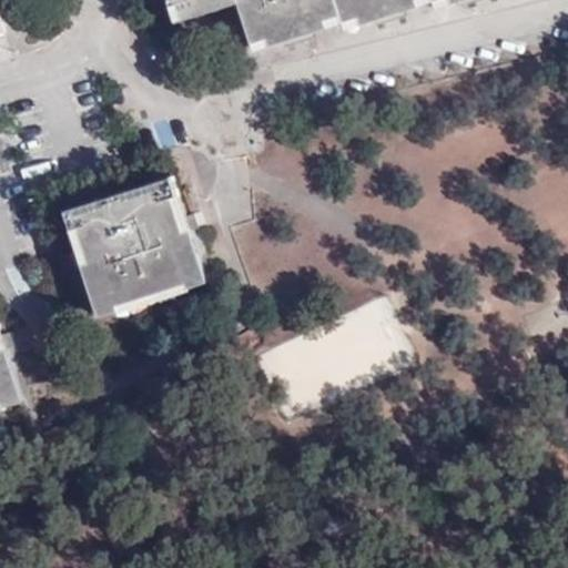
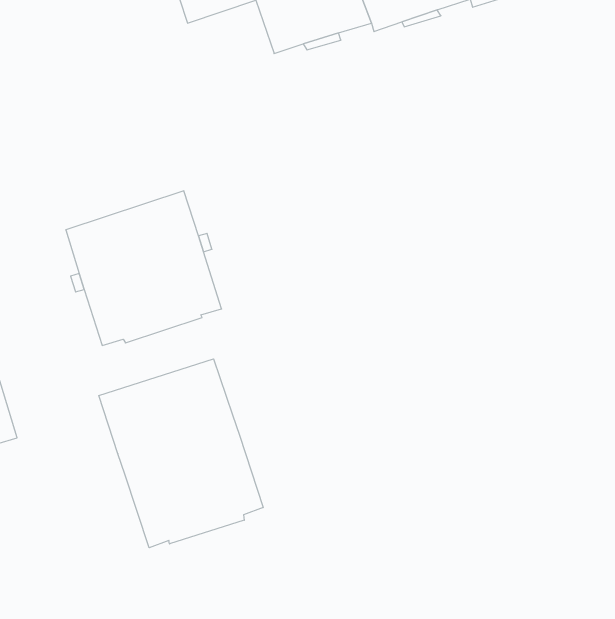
building: none -> [99,359,263,548]

